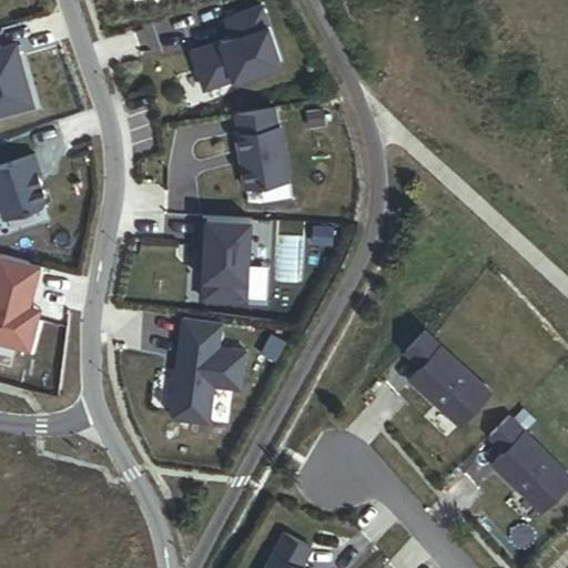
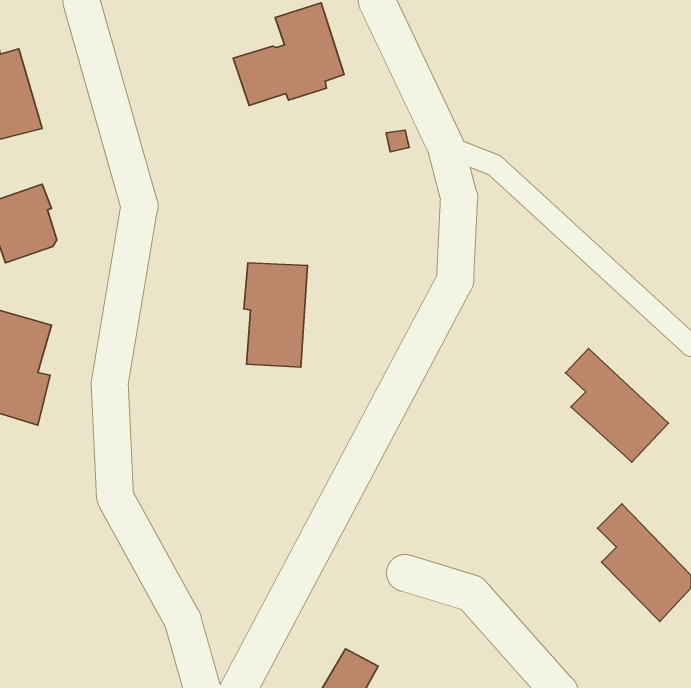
building: [235,109,288,189] -> none
building: [168,320,246,427] -> none
building: [405,332,489,425] -> [565,349,668,462]

